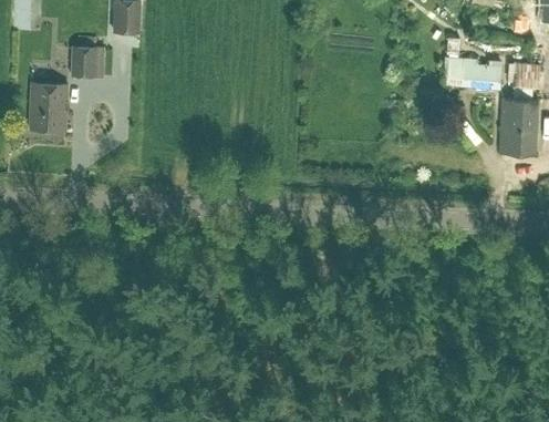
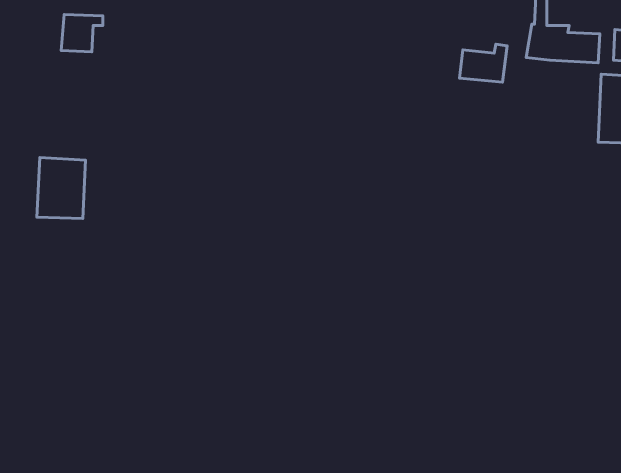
building: none -> [459,44,507,82]
building: [29,82,68,131] -> [37,158,86,219]

